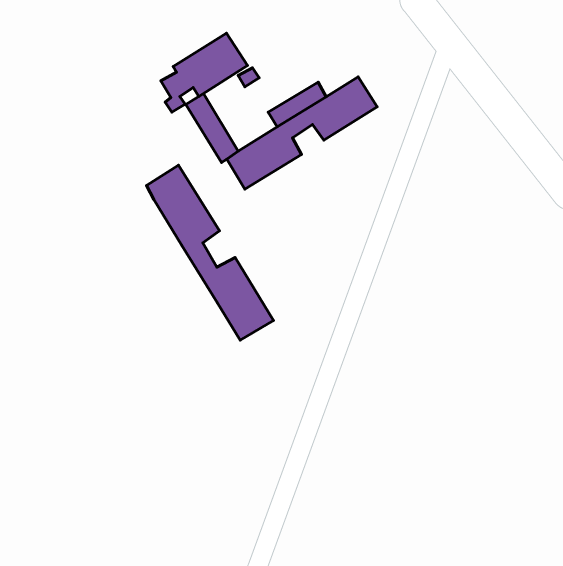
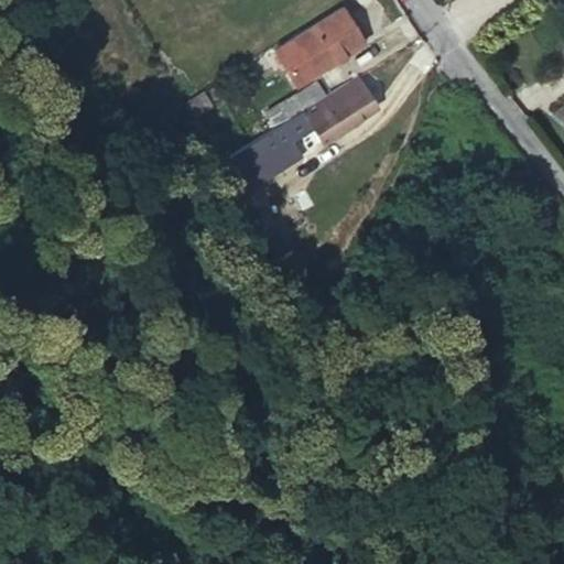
building: [161,33,248,112] -> [280,10,366,88]
building: [146,165,273,340] -> none

